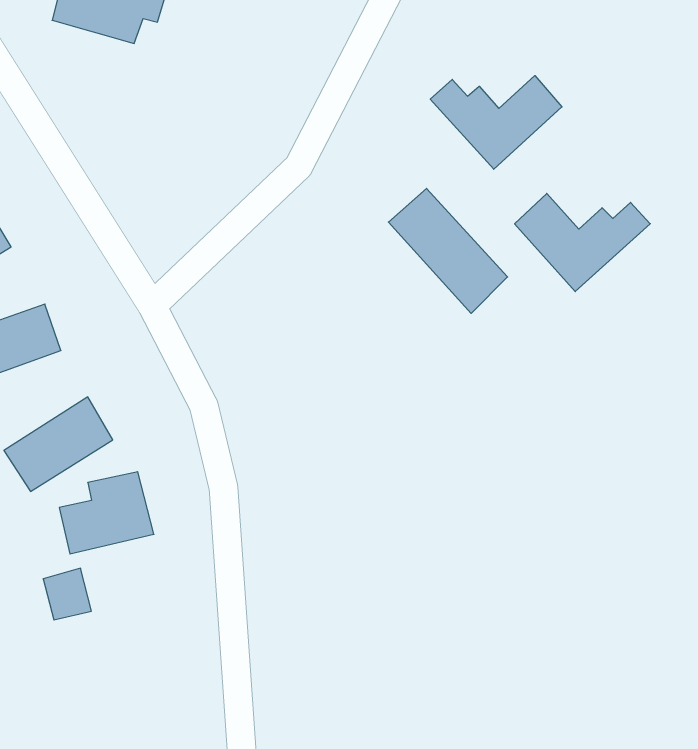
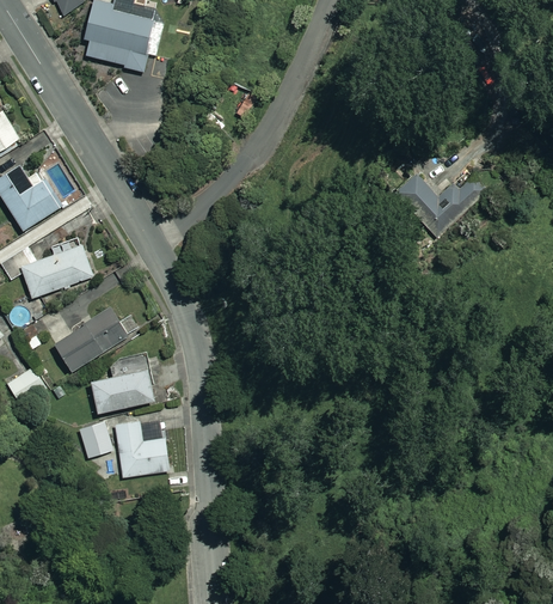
building: [430,76,562,169] -> none
building: [388,188,508,313] -> none
building: none -> [115,417,170,477]

